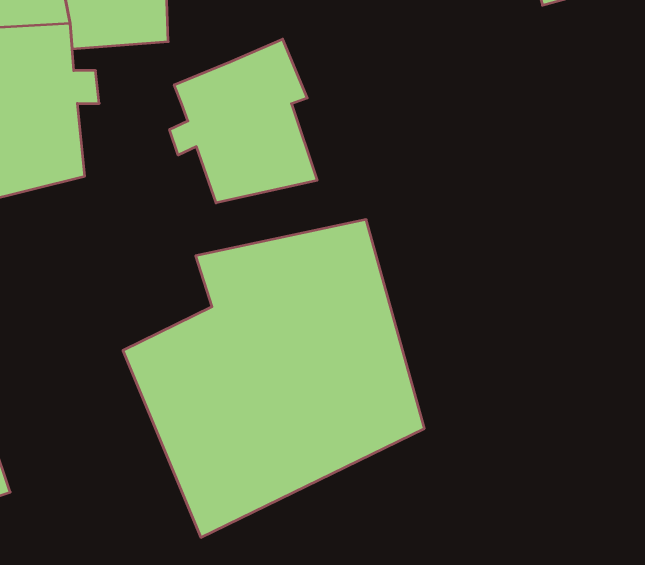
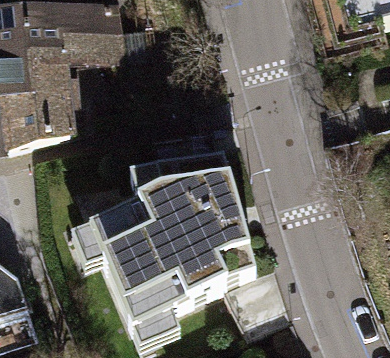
building: [170,39,317,203] -> none

